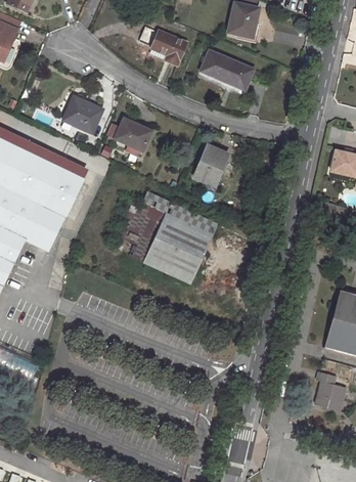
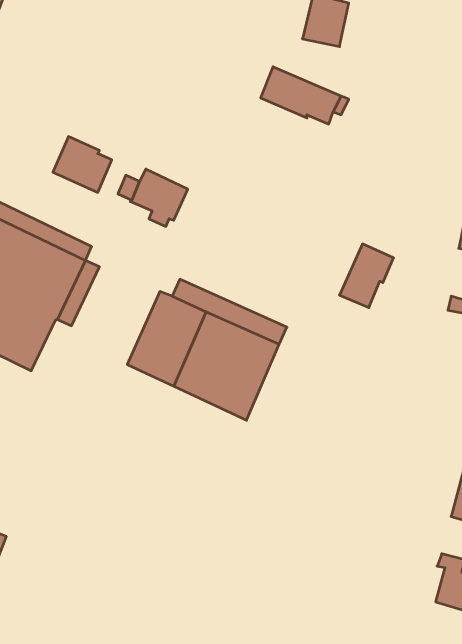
building: [138,27,185,65] -> none
building: [192,144,228,186] -> [339,244,394,308]

